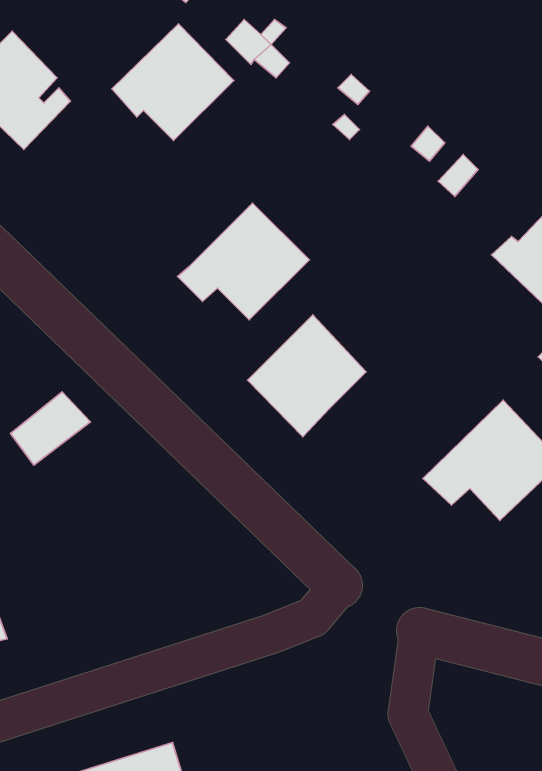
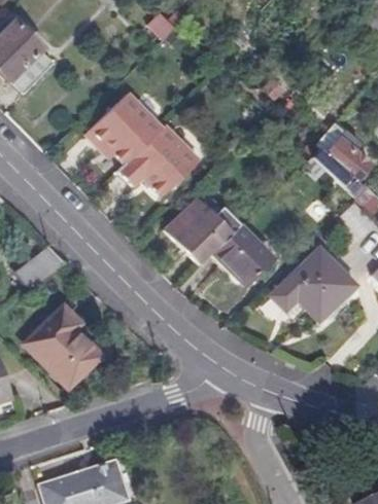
building: [112,24,234,141] -> [88,93,163,165]
building: none -> [212,225,271,285]
building: none -> [25,303,98,386]

